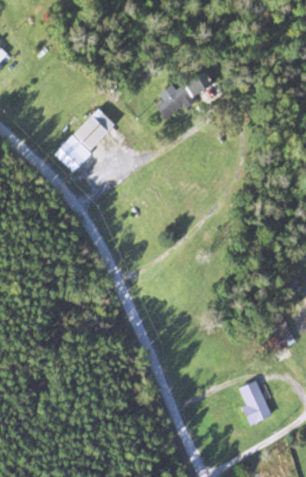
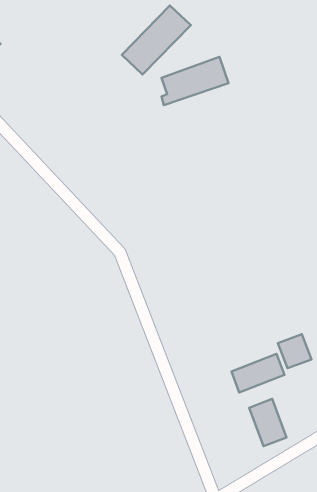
building: [55,109,118,172] -> [122,6,191,75]
building: none -> [231,354,284,392]

